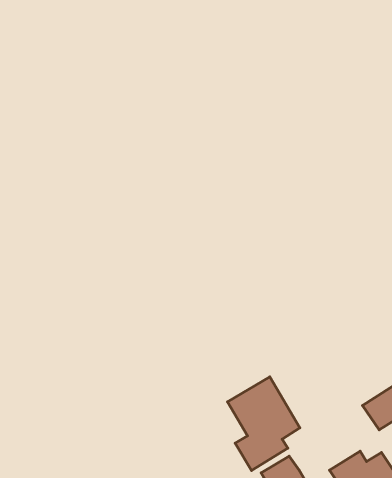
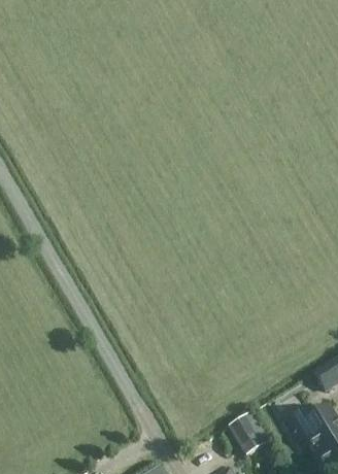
building: [227,377,300,471] -> none

